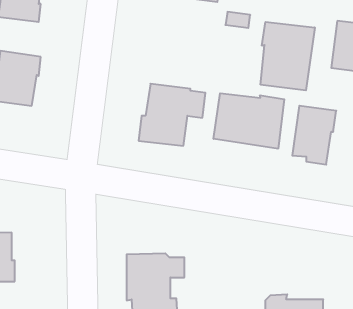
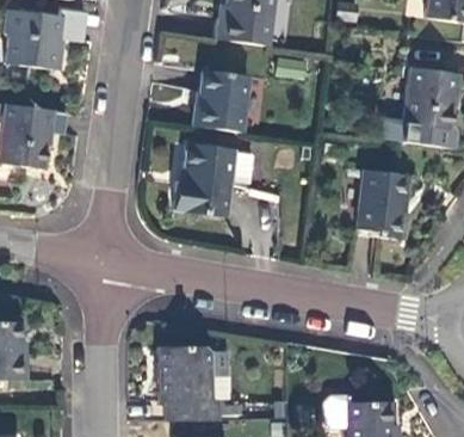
building: [261,22,315,90] -> none
building: none -> [194,69,248,131]
building: [214,93,284,149] -> none

